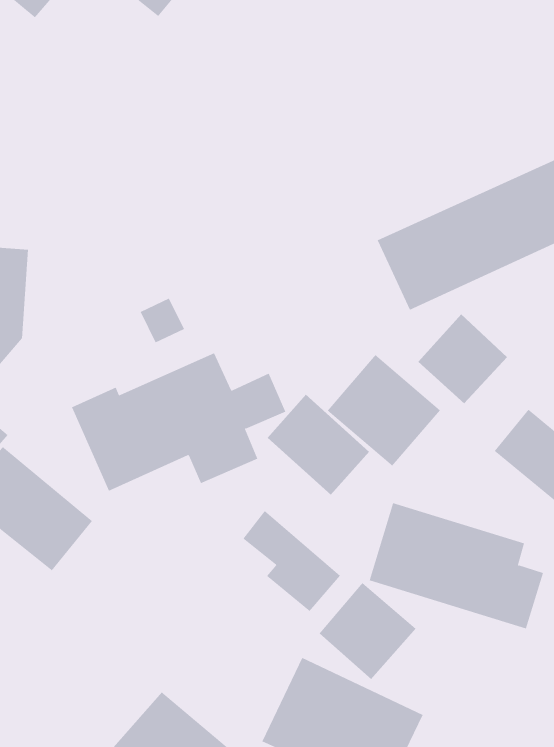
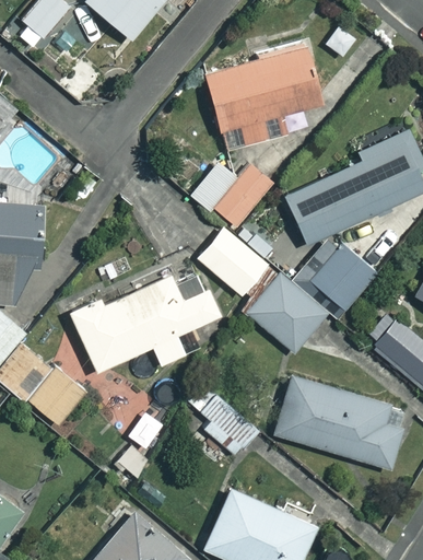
building: none -> [203,45,320,148]
building: none -> [191,163,280,232]
building: [267,394,370,495] -> [198,226,270,298]
building: [319,582,417,680] -> none

